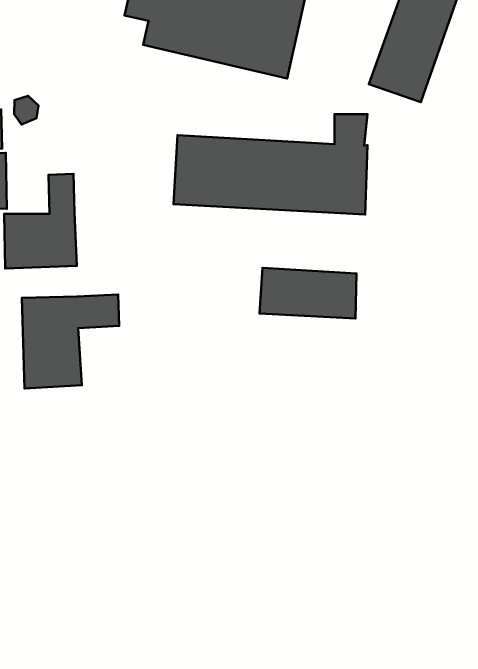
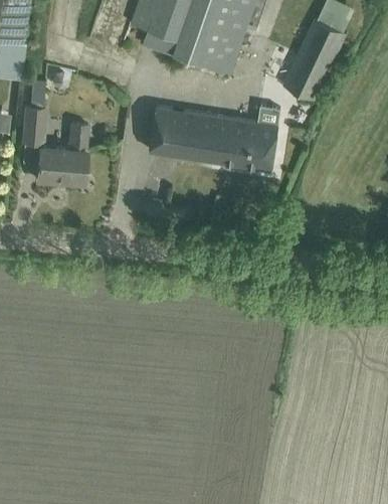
building: [260,268,357,318] -> none
building: [22,295,119,388] -> none

